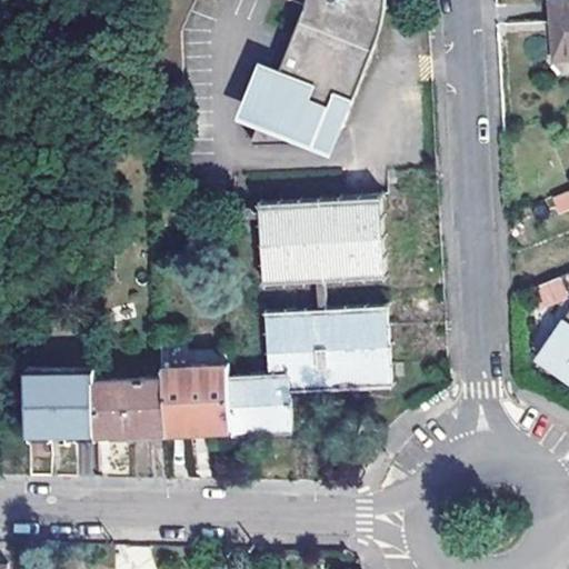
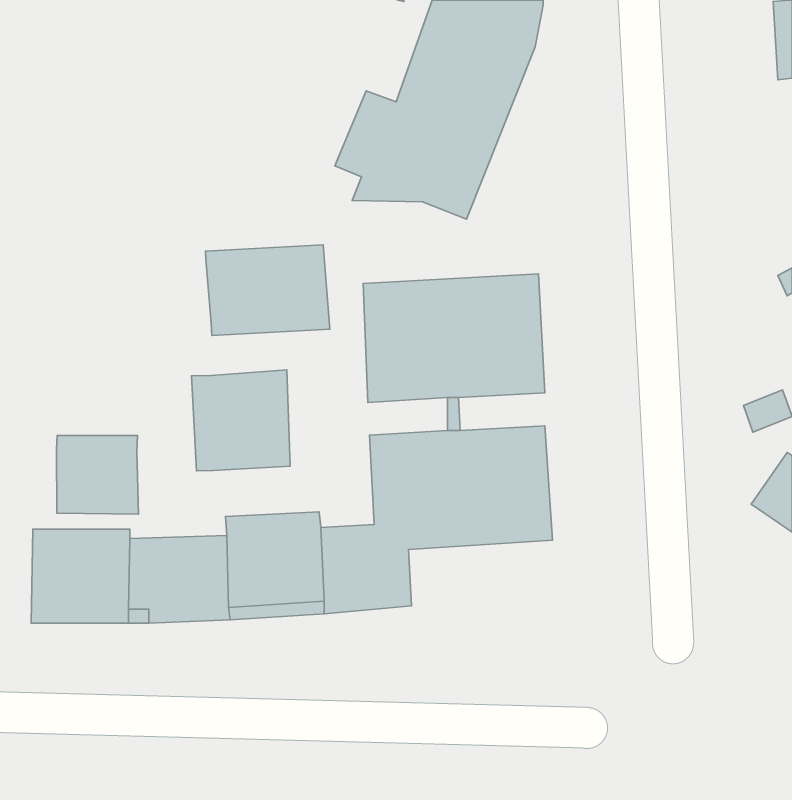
building: none -> [206,245,330,336]
building: none -> [192,370,290,471]
building: none -> [57,435,139,514]

